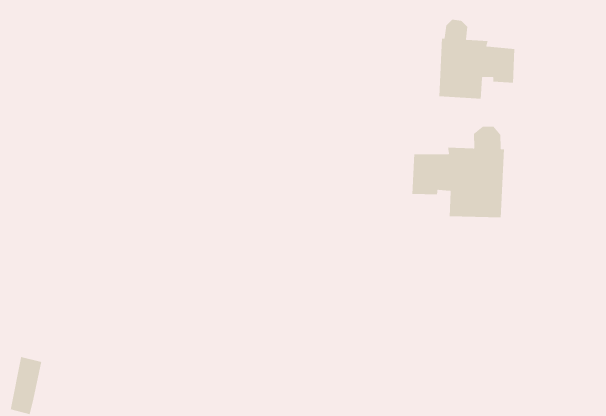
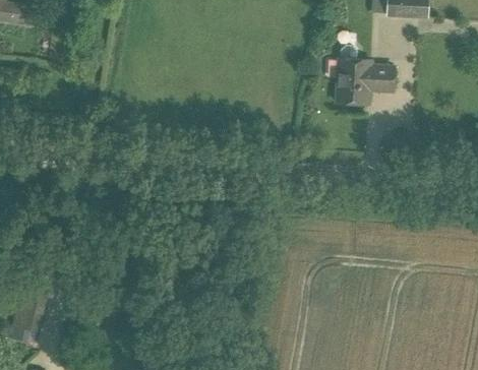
building: [411,126,505,218] -> none

